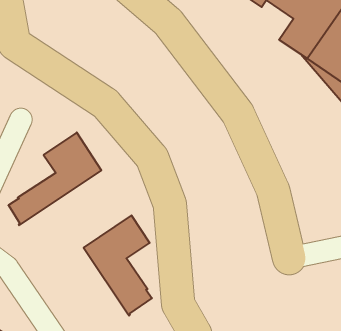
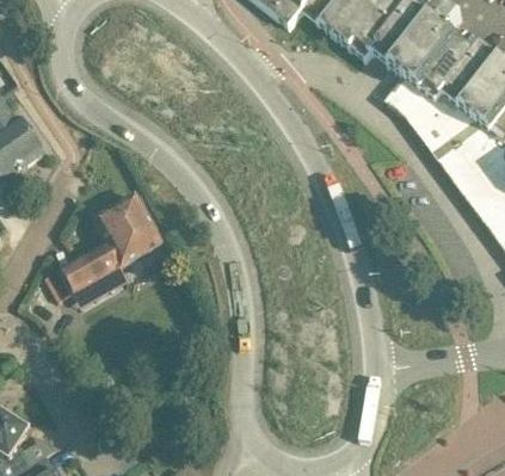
building: [84,215,152,316] -> none

